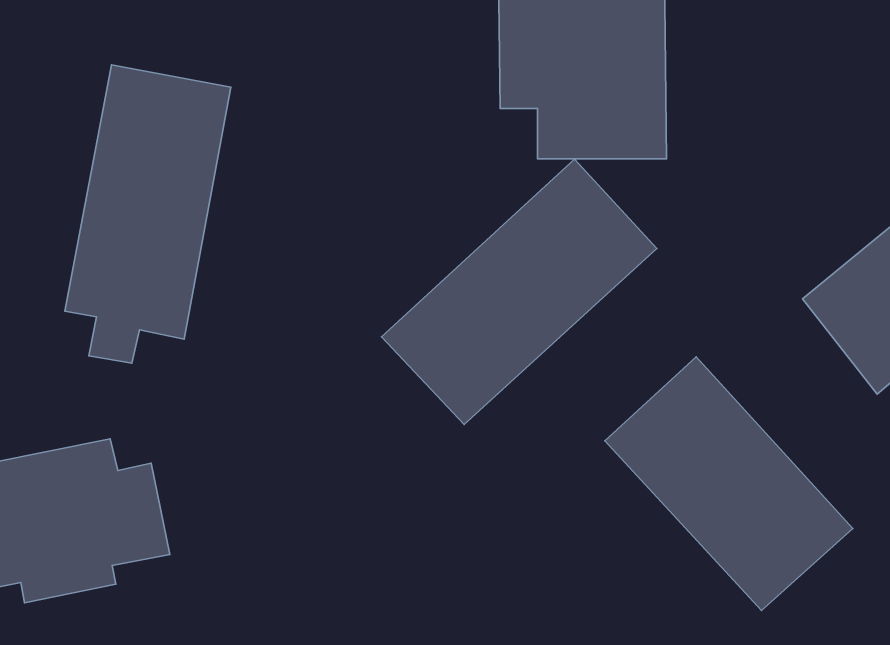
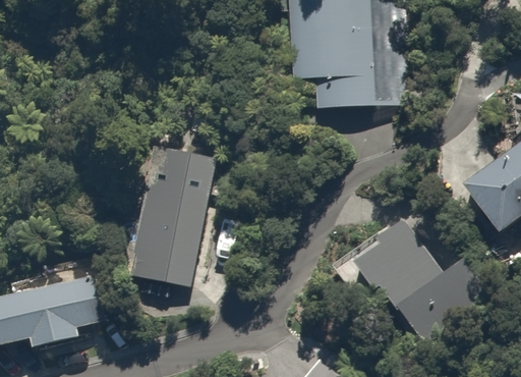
building: [65,65,231,363] -> [129,142,220,305]
building: [382,159,657,425] -> none

